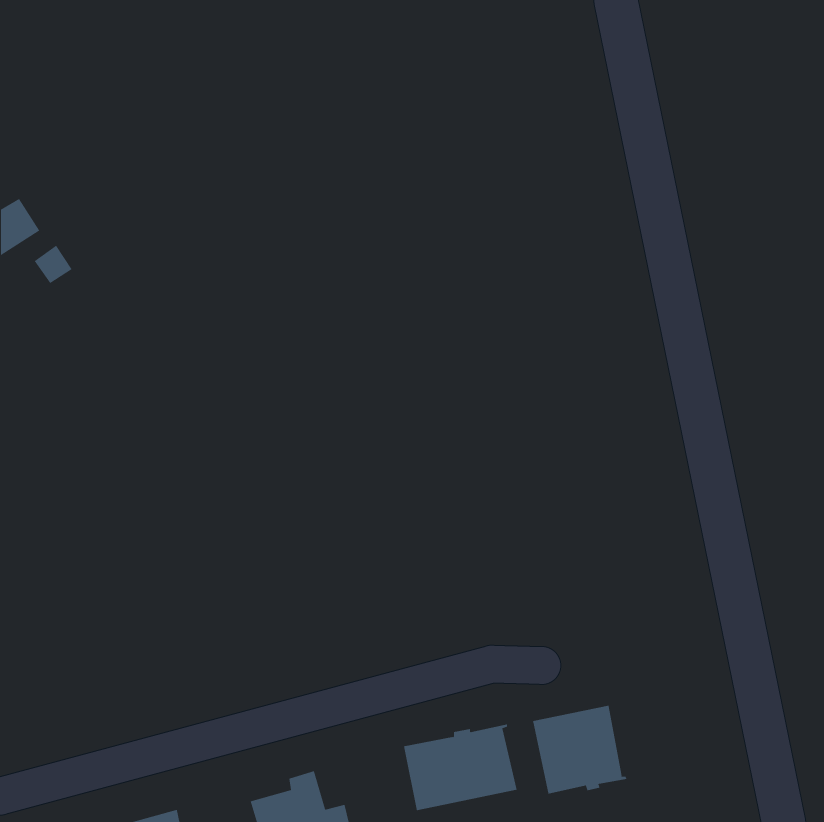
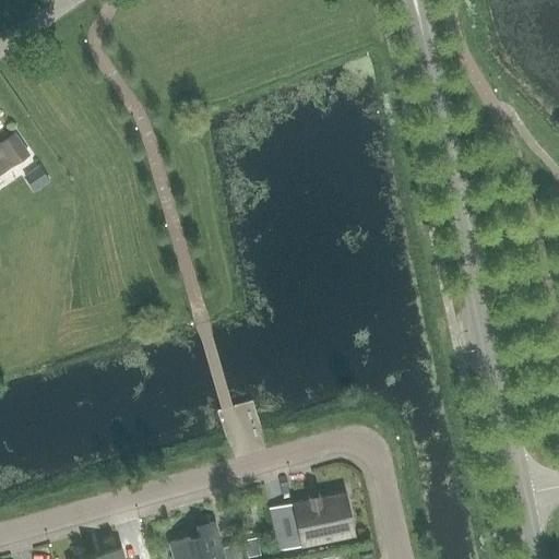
building: [532,705,627,795] -> none

